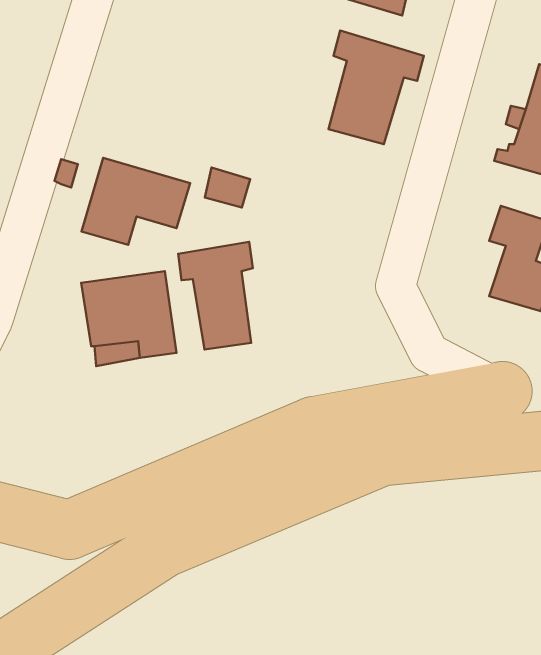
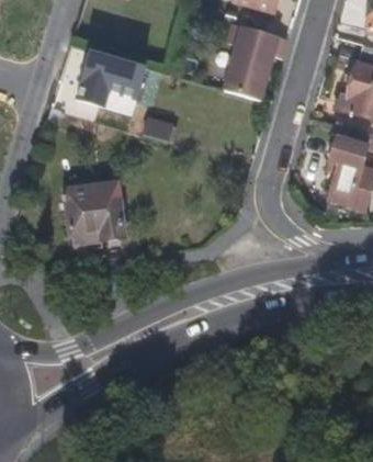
building: [81,158,190,245] -> [75,48,146,105]
building: [178,242,253,349] -> none

